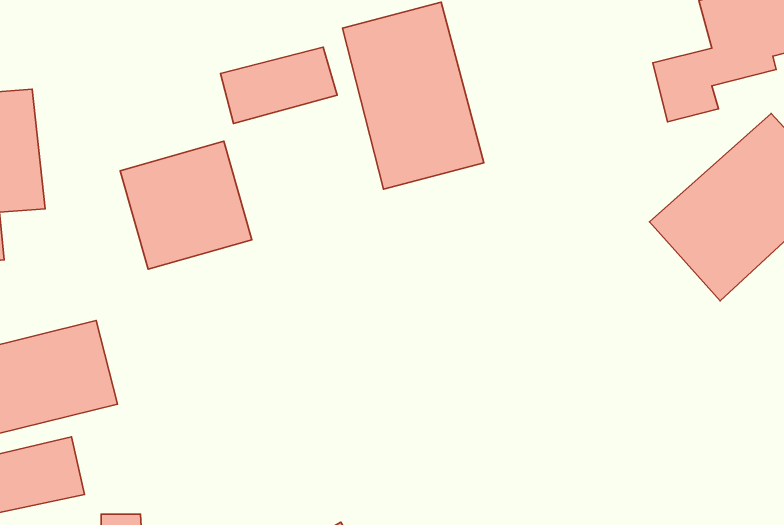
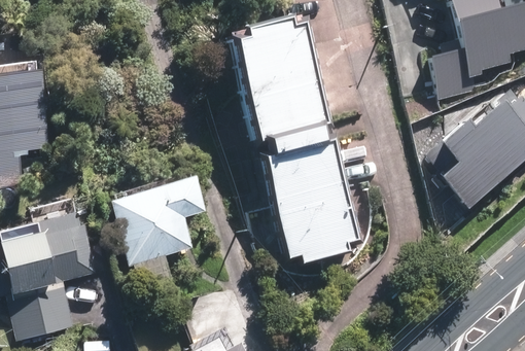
building: [221,47,337,124] -> none
building: [120,141,252,269] -> [125,180,207,260]
building: none -> [267,140,355,261]

